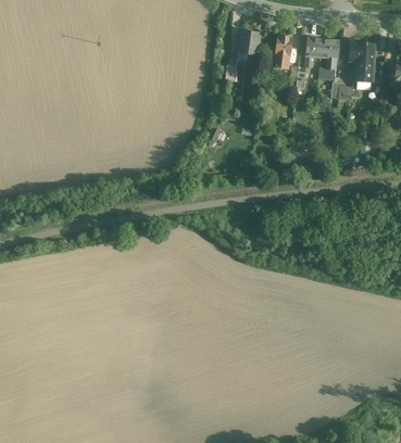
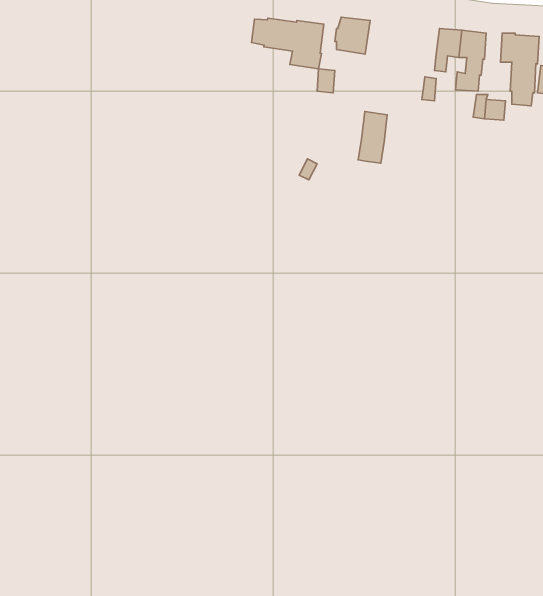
building: none -> [252,18,324,69]
building: [273,35,292,69] -> [358,112,387,163]

